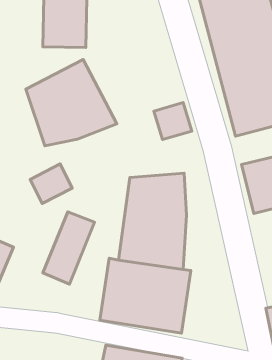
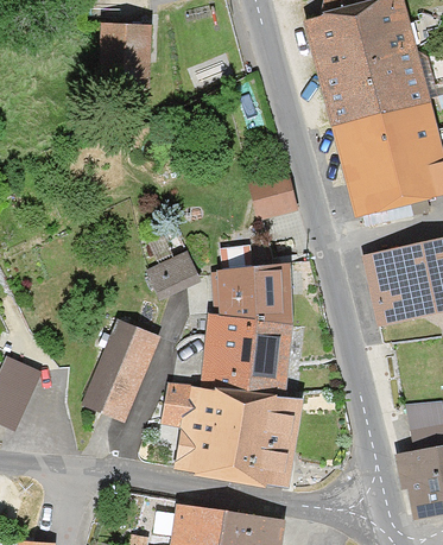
building: [26,60,117,146] -> none
building: [30,164,72,204] -> [145,247,203,302]

